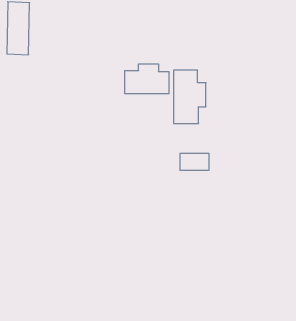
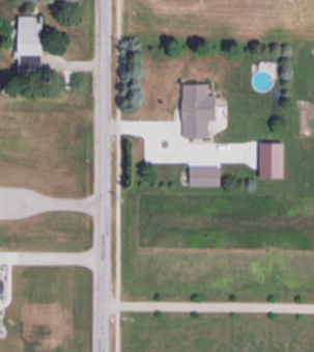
building: [125,64,169,94] -> none
building: none -> [259,144,282,178]

